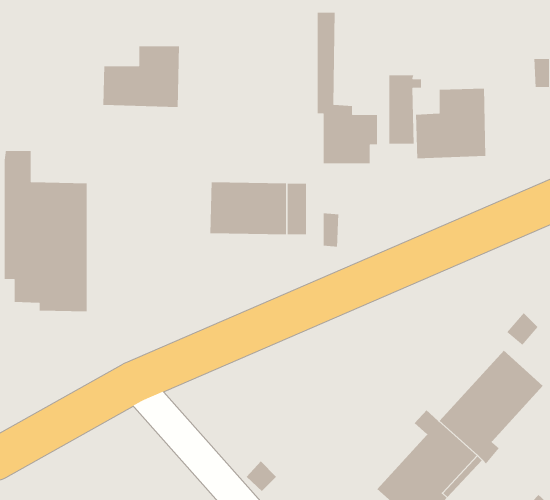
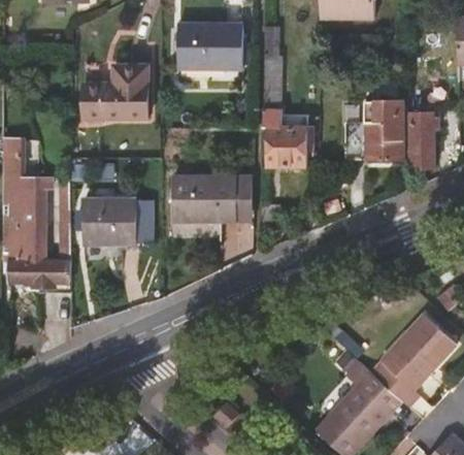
building: none -> [179,31,243,74]
building: [388,75,422,144] -> [413,108,441,166]
building: none -> [88,194,141,239]

